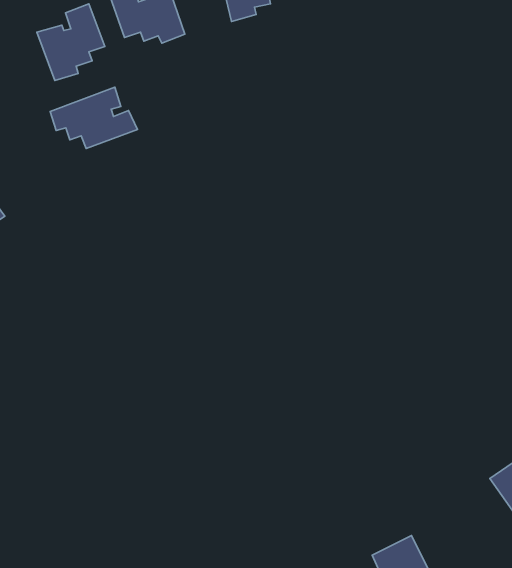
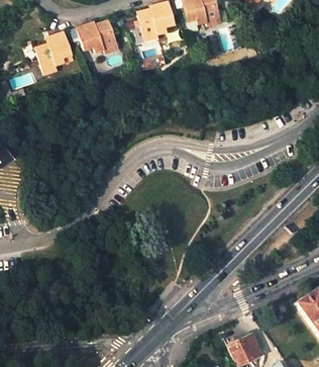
building: [50,87,138,149] -> none

